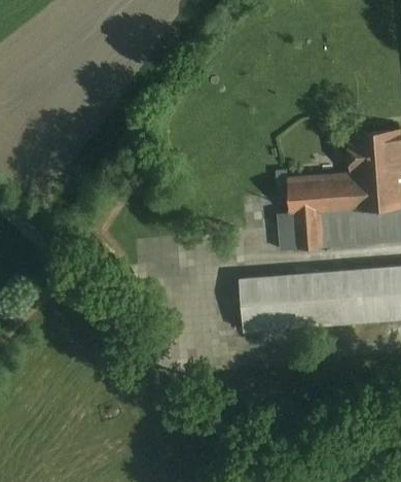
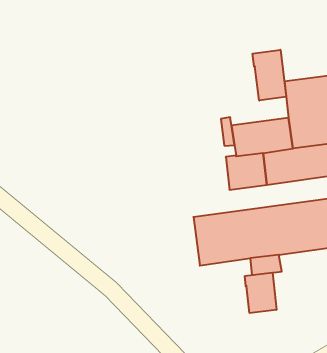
building: none -> [253,50,286,101]
building: none -> [245,273,276,313]

